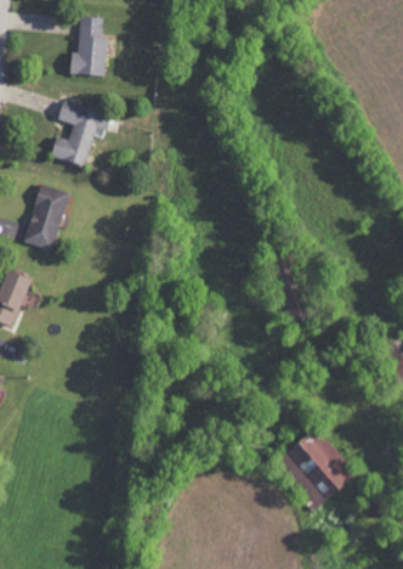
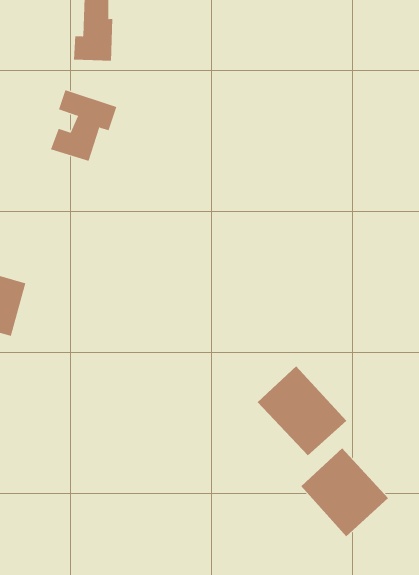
building: [24,184,70,249] -> none
building: none -> [257,365,347,456]

